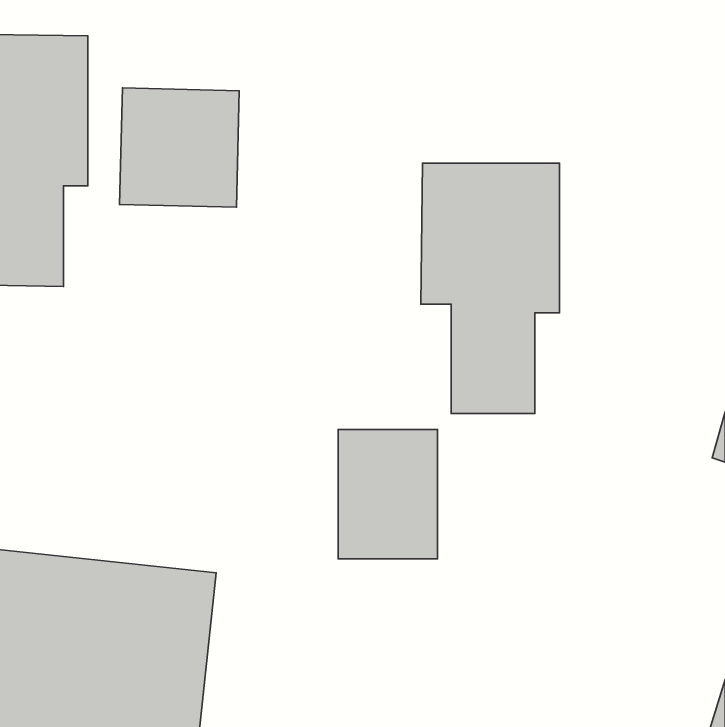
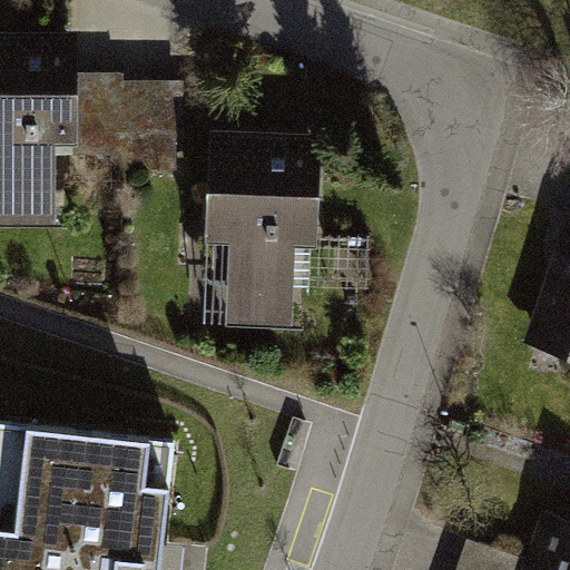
building: [421,163,559,414] -> [204,139,311,333]
building: [338,429,437,559] -> none

